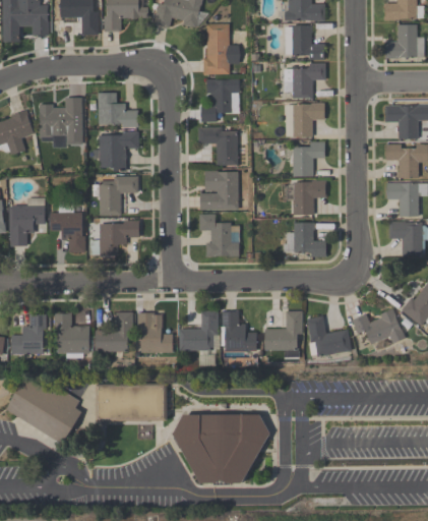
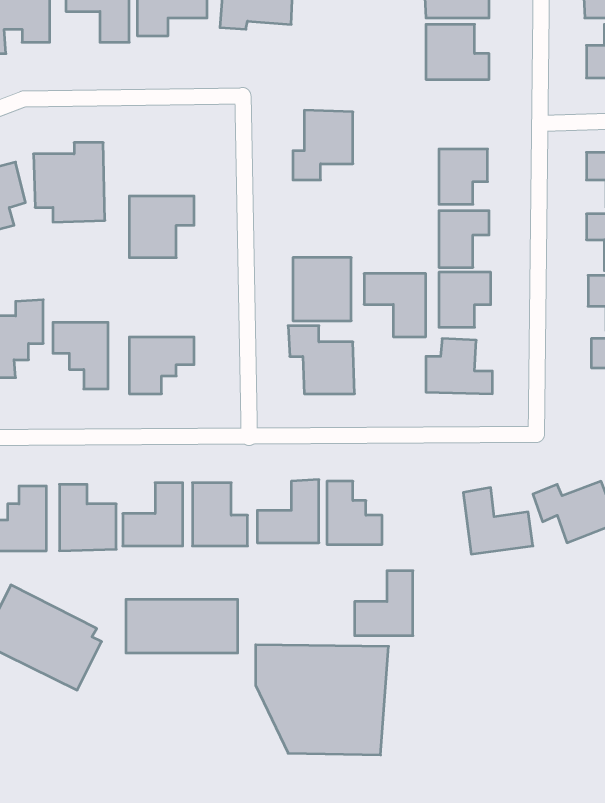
building: [202,23,241,75] -> none
building: [284,63,326,99] -> none
building: [98,93,137,126] -> none
building: [198,126,237,166] -> [364,274,426,337]
building: [94,176,139,216] -> none
building: [265,310,302,351] -> [355,571,413,636]

